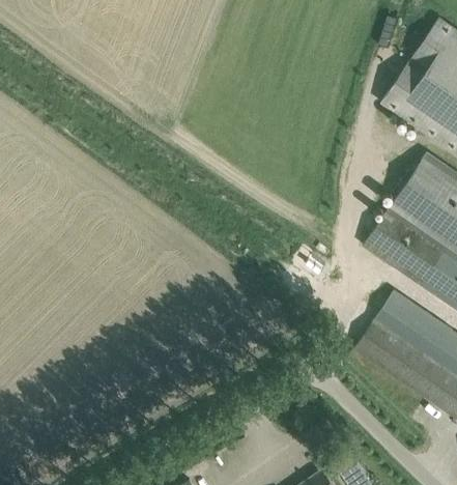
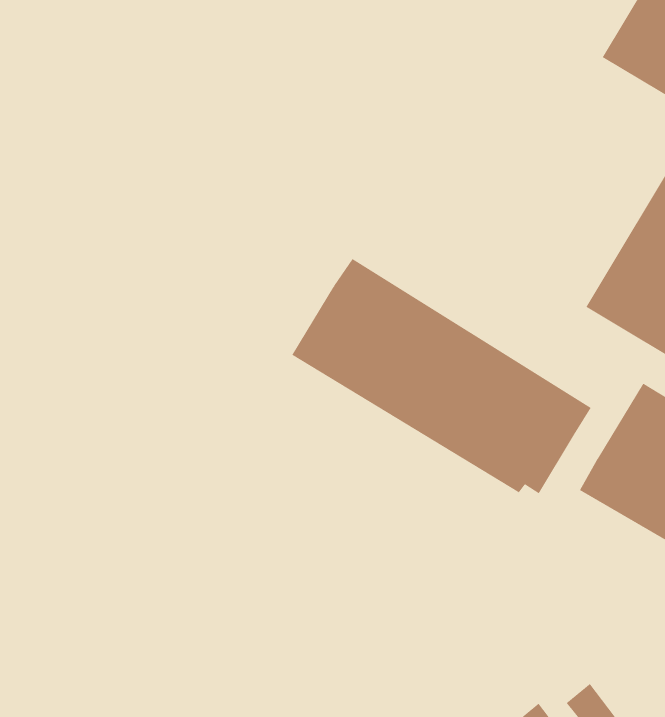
building: none -> [291,258,592,494]

